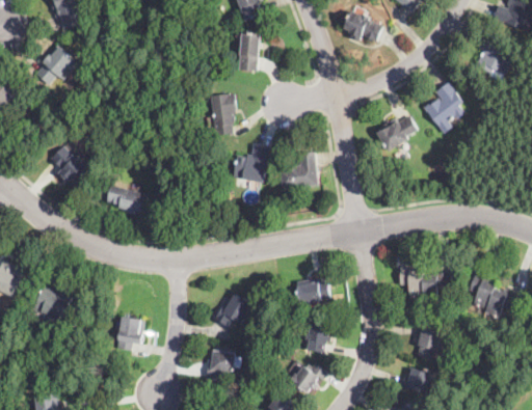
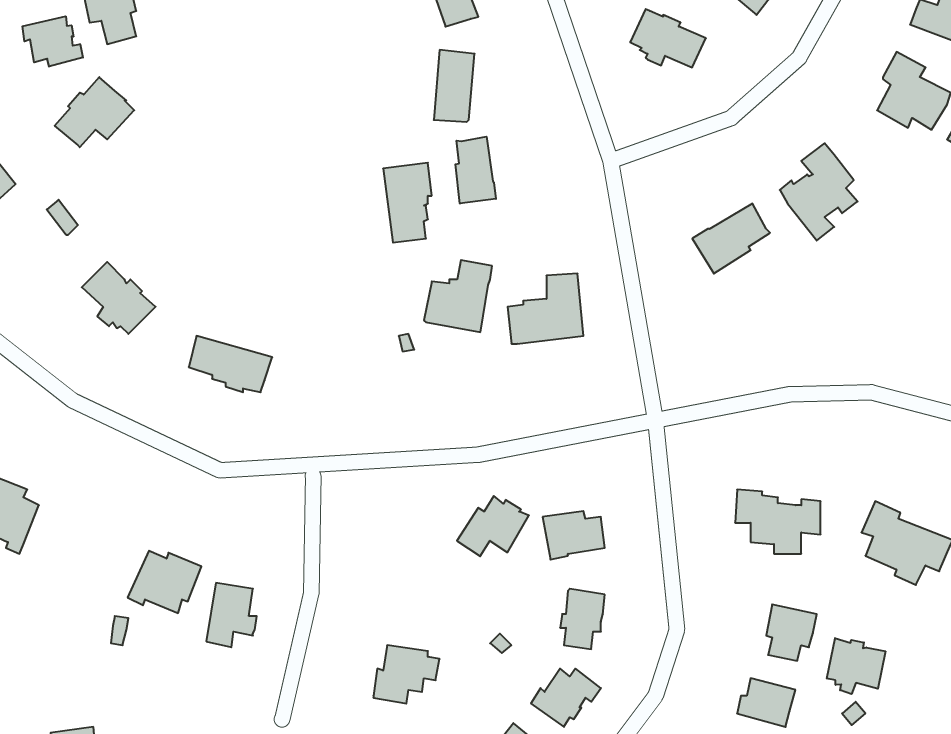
building: none -> [22,16,83,67]
building: none -> [455,137,496,204]
building: [31,285,71,319] -> [128,551,201,613]
building: [213,294,251,326] -> [457,496,529,556]
building: none -> [827,638,885,694]

